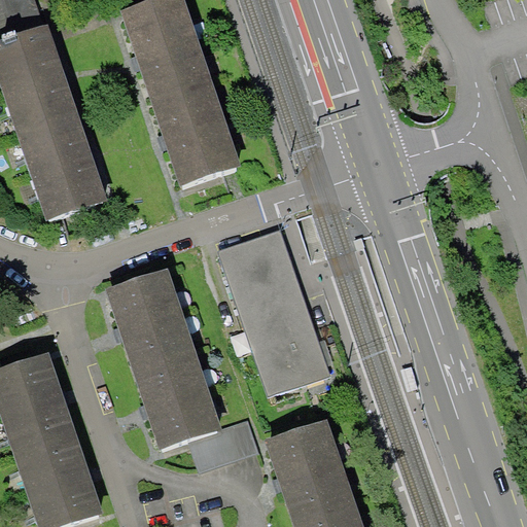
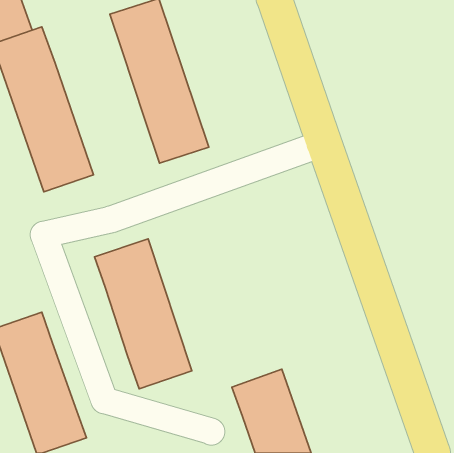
building: [215,229,326,393] -> none
building: [187,421,256,469] -> none

